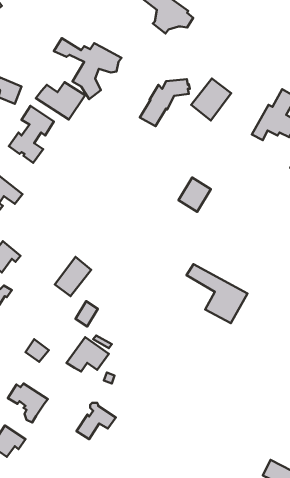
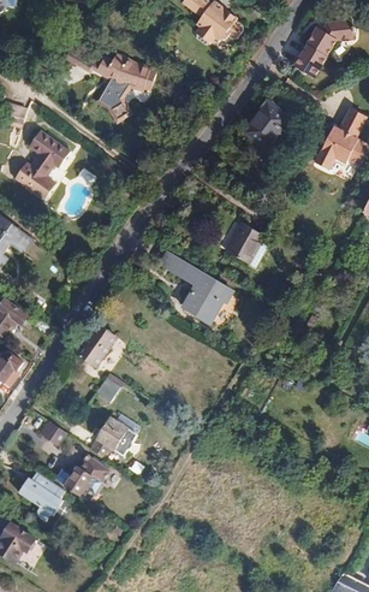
building: [140,79,190,126] -> [292,17,353,75]
building: [36,82,85,119] -> none
building: [187,264,247,323] -> [155,249,230,321]
building: [77,403,116,439] -> [63,452,111,497]

